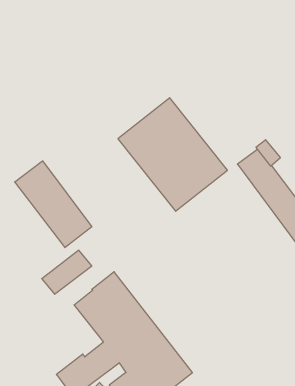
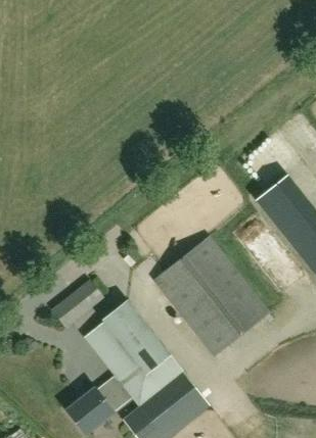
building: [118,98,227,211] -> [153,237,268,355]
building: [15,161,92,248] -> none

